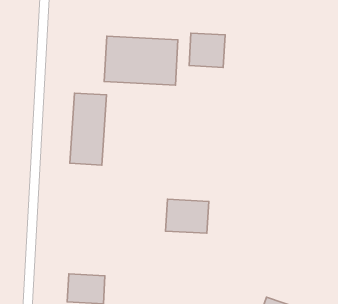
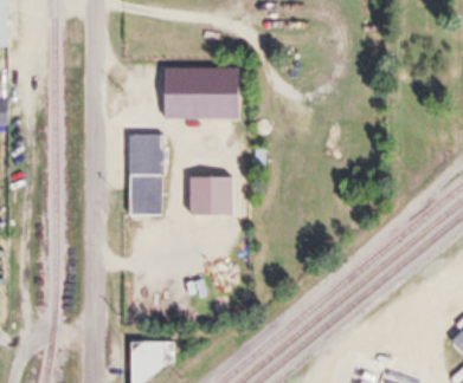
building: [189,33,225,68] -> none
building: [166,199,209,233] -> [186,176,233,213]

